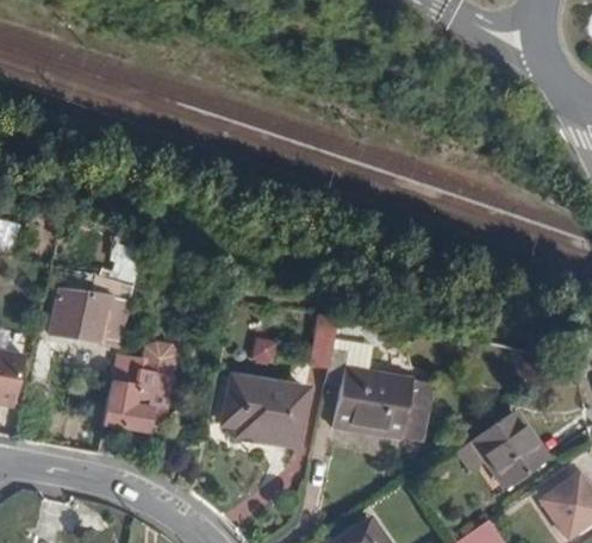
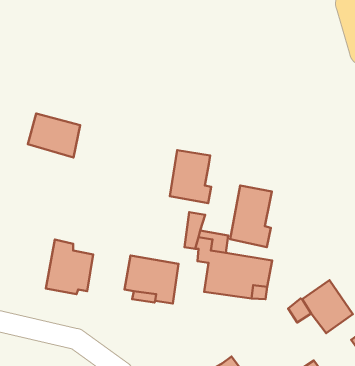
building: none -> [170,150,211,203]
building: none -> [230,185,272,247]
building: [52,286,127,349] -> [28,114,80,158]

